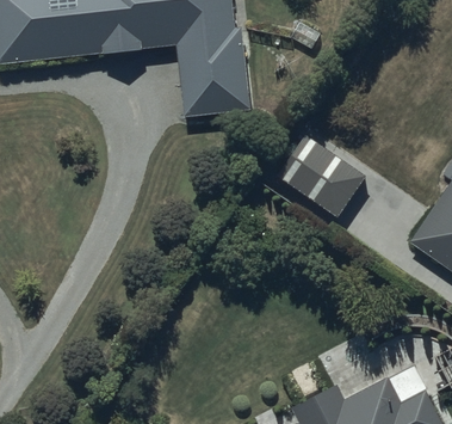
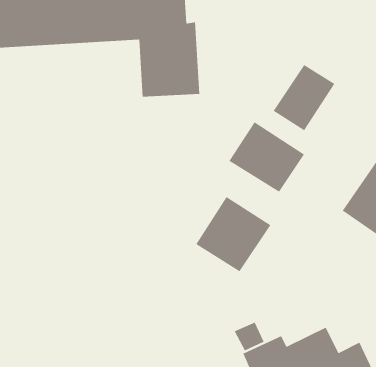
building: none -> [273,64,335,131]
building: none -> [195,196,271,272]

